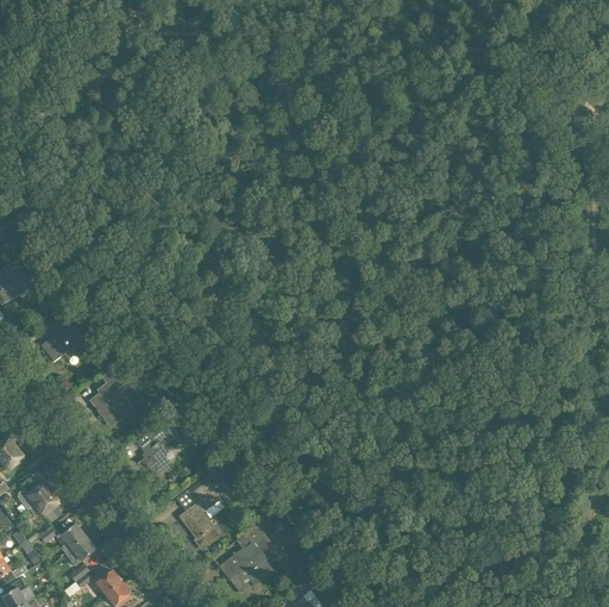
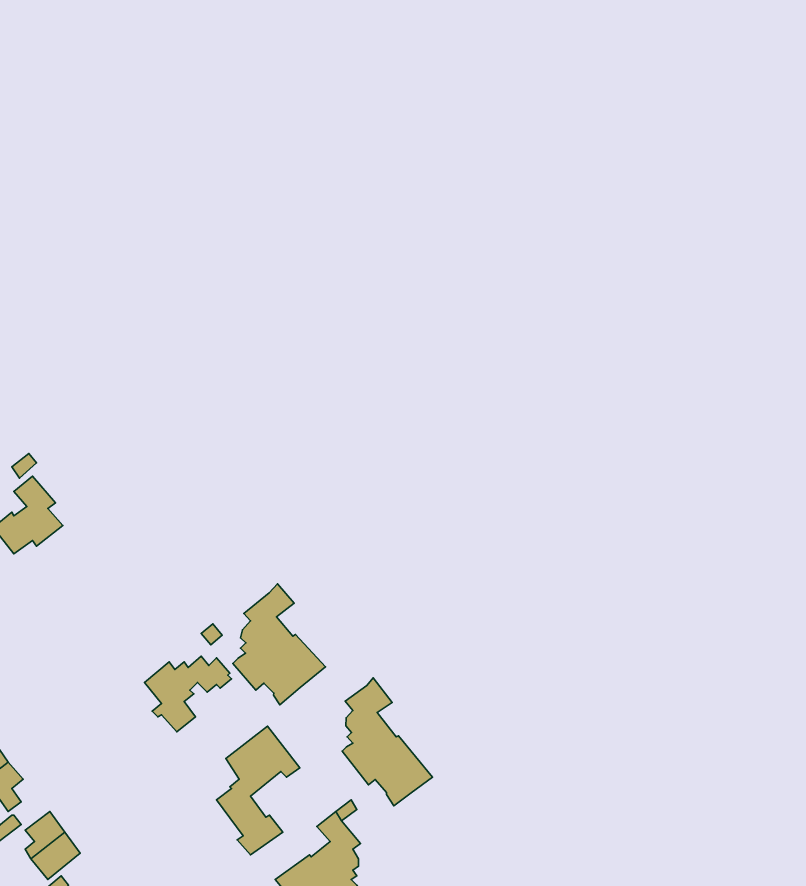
building: [89,364,136,420] -> none
building: none -> [233,584,326,705]
building: none -> [342,678,433,806]

